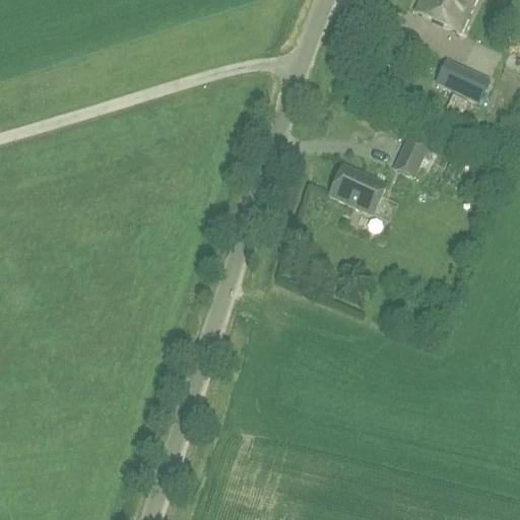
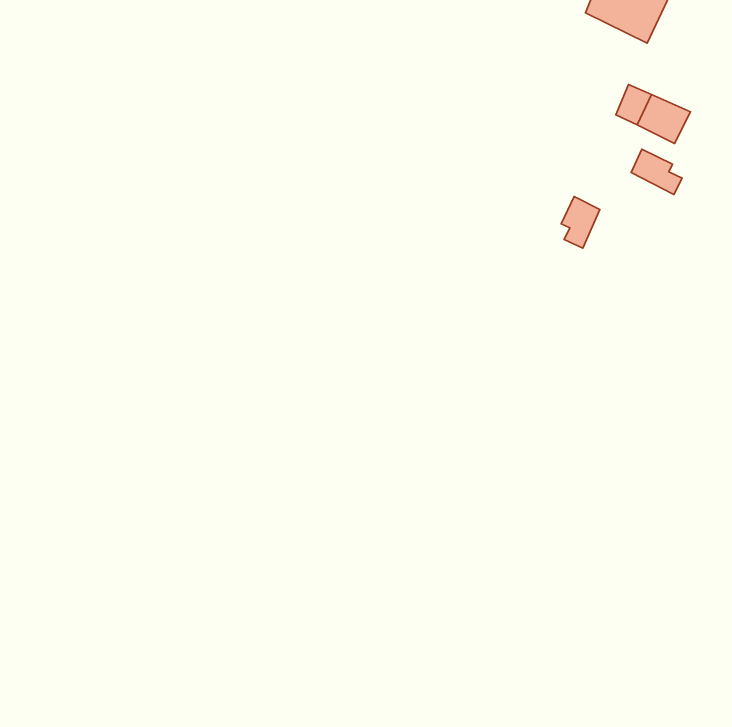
building: none -> [631,149,682,194]
building: [329,164,387,213] -> none

